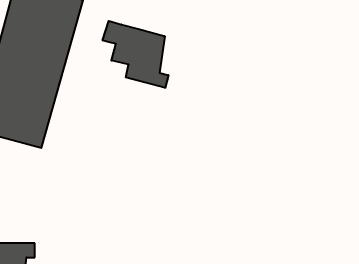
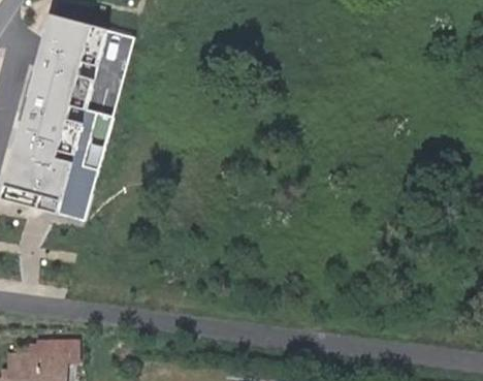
building: [103,21,168,88] -> none

